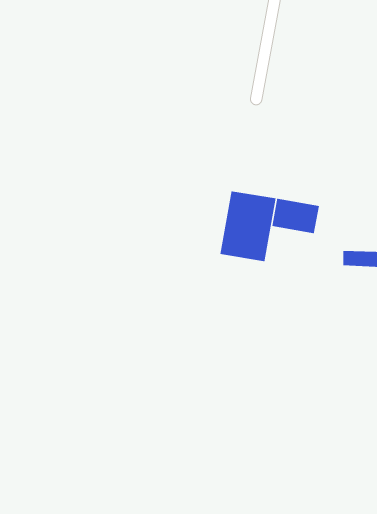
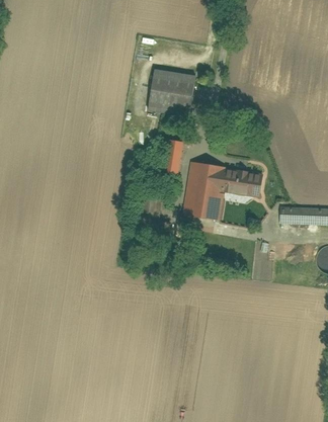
building: none -> [149,70,196,113]
building: none -> [163,139,182,170]

